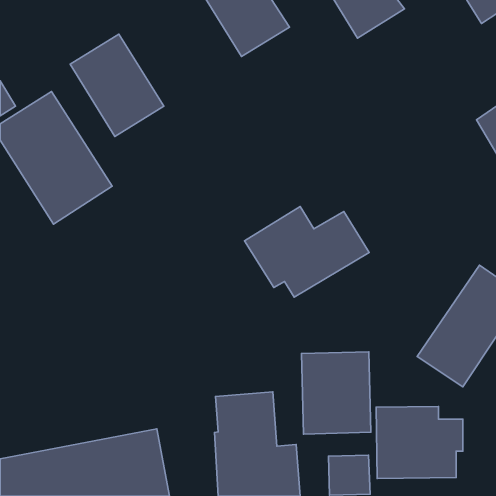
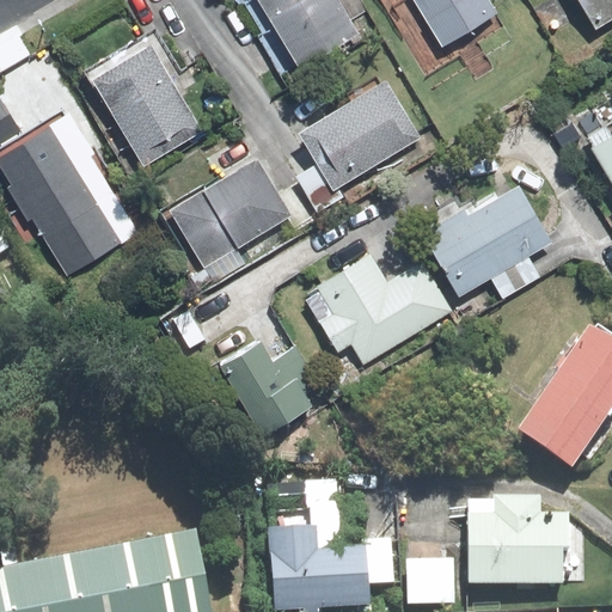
building: none -> [295,75,426,202]
building: none -> [167,155,292,283]
building: none -> [422,179,553,298]
building: none -> [215,337,330,436]
building: [302,352,371,434] -> none

